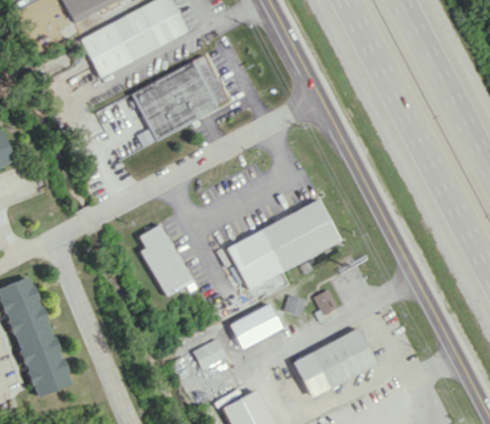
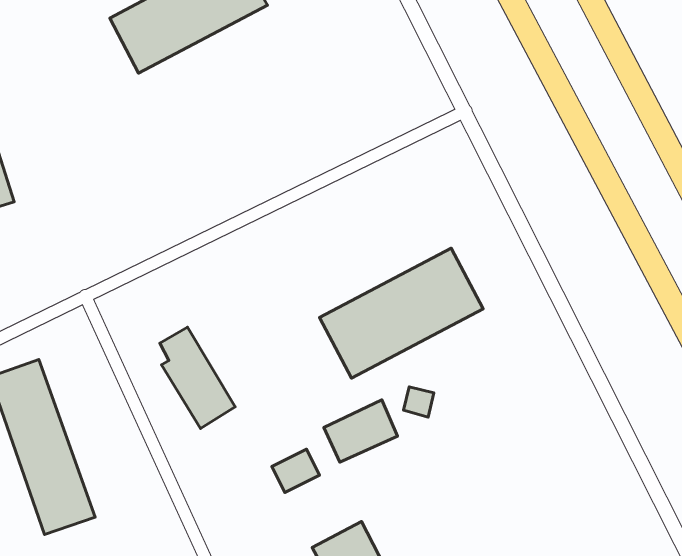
building: [131,56,227,145] -> none
building: [140,225,193,295] -> [160,327,235,429]
building: [315,289,339,315] -> none
building: [292,327,377,399] -> none

